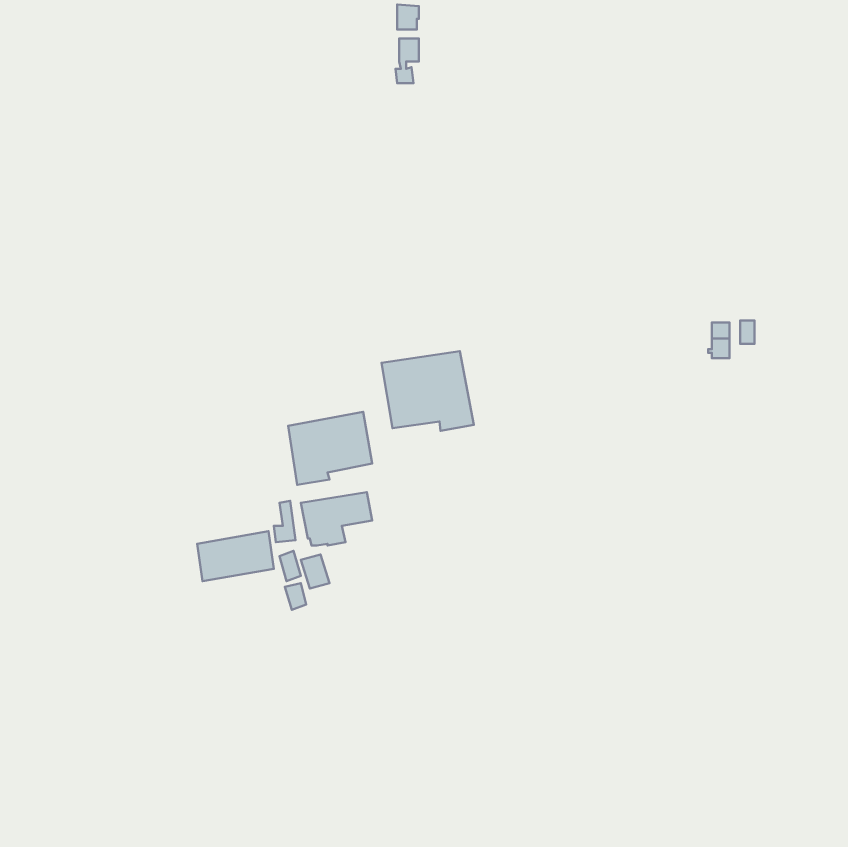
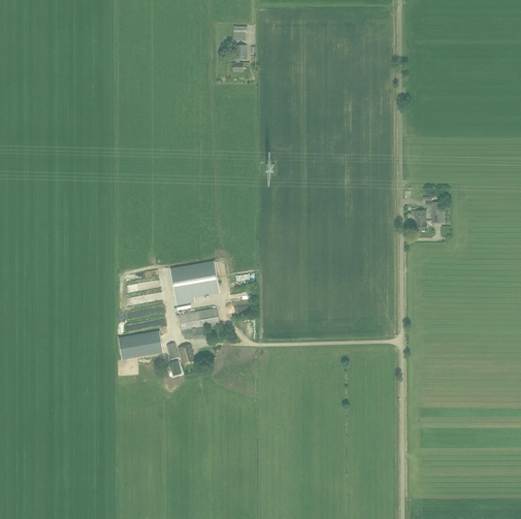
building: [381,351,474,431] -> none

